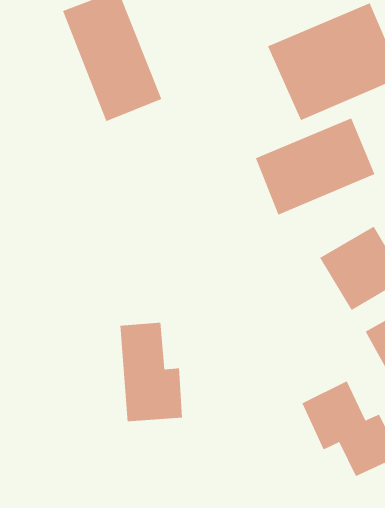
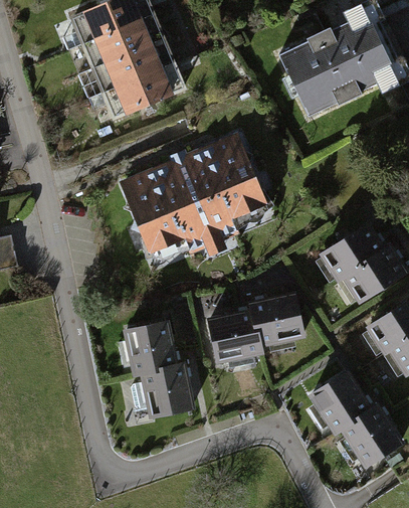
building: [255,117,375,215] -> none
building: none -> [115,126,272,259]
building: none -> [210,292,302,361]

